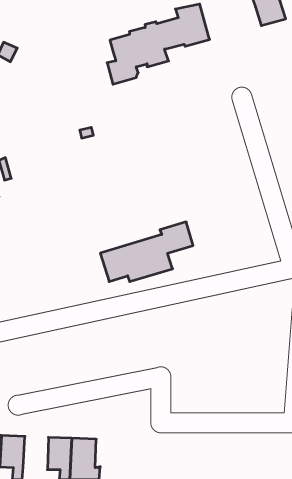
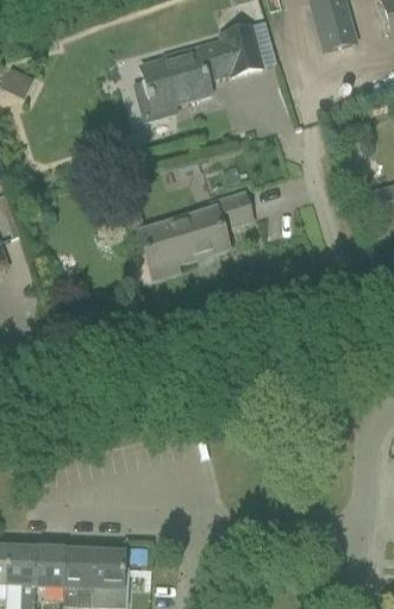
building: [100,222,193,282] -> [139,190,252,263]
building: none -> [35,548,65,589]

